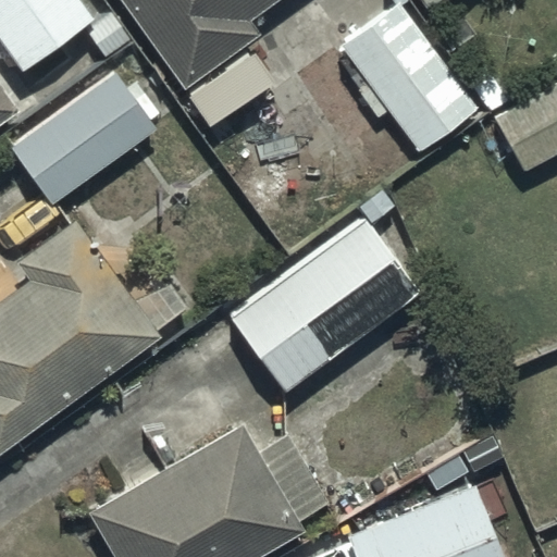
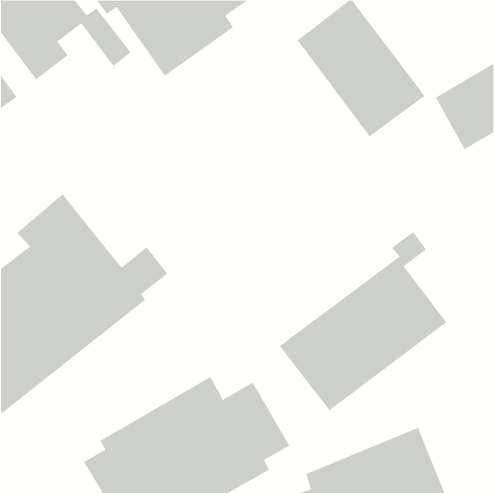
building: [12,70,158,205] -> none
building: [226,187,416,389] -> [279,231,447,411]

